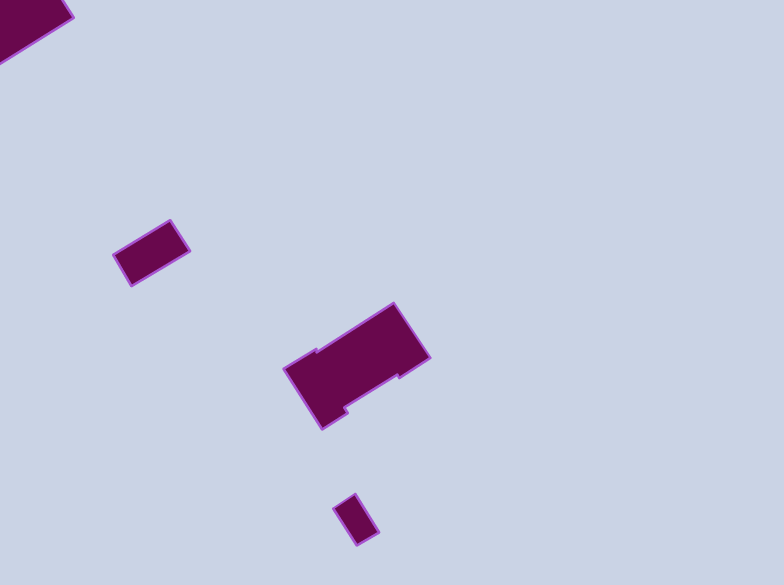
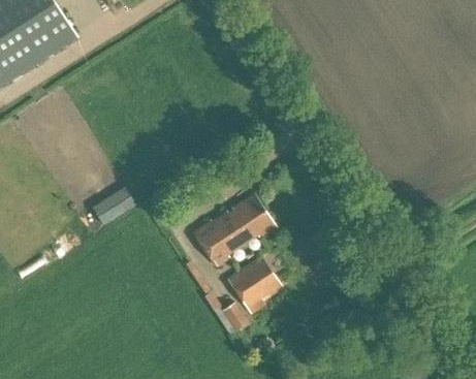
building: [113,220,190,286] -> [92,188,135,225]
building: none -> [228,258,283,310]

